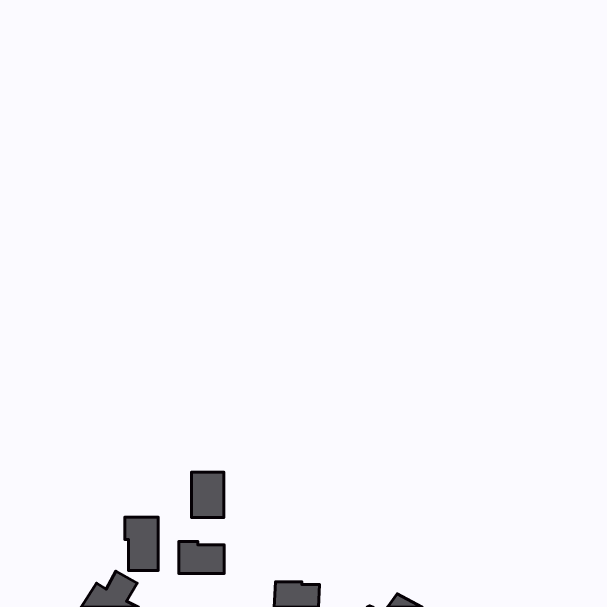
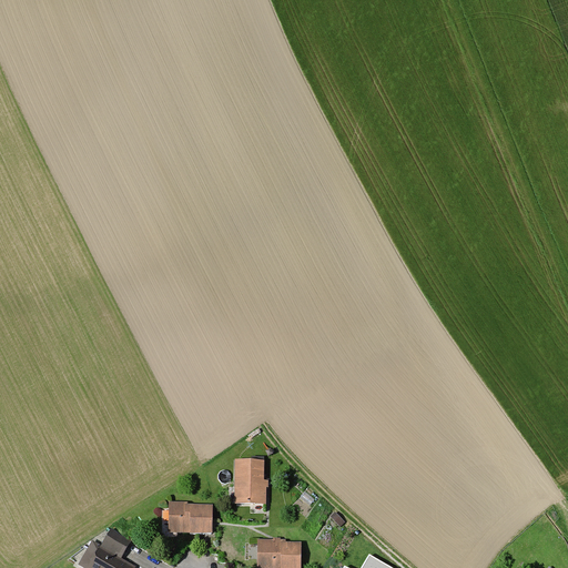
building: [192,472,224,517] -> [235,463,265,505]
building: [125,517,158,571] -> none

